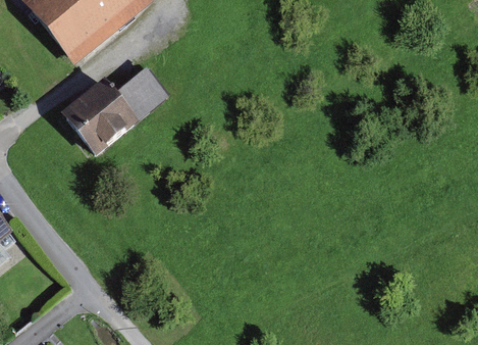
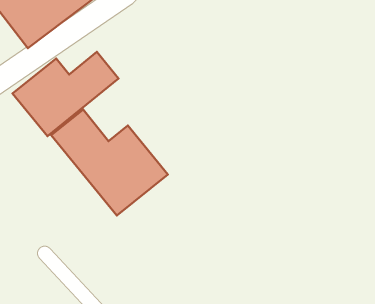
building: none -> [51,109,168,216]

